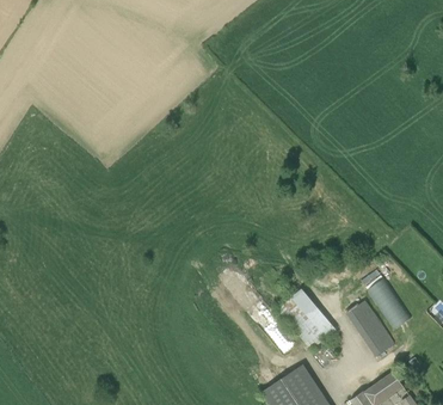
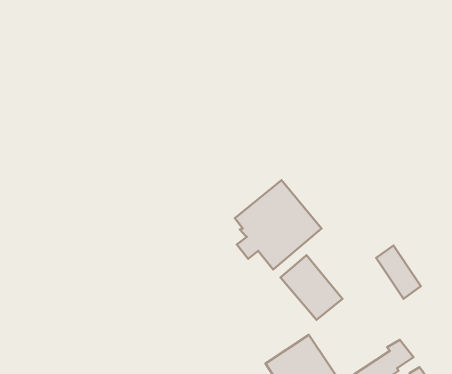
building: none -> [235,180,321,269]
building: [345,300,394,357] -> none

